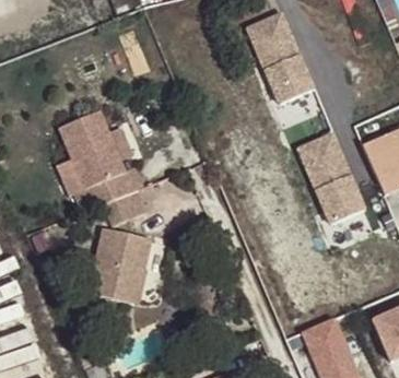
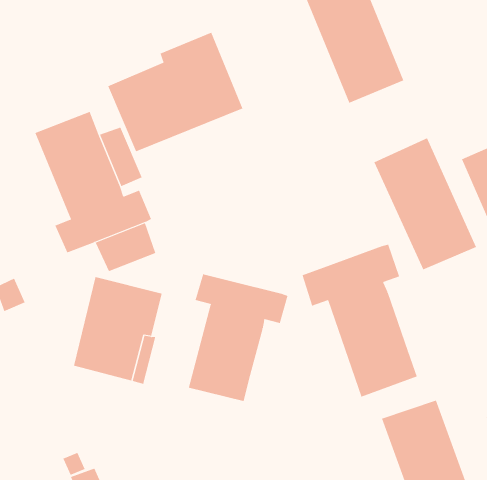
building: none -> [108,32,243,152]
building: none -> [302,244,418,397]
building: none -> [188,274,288,402]

